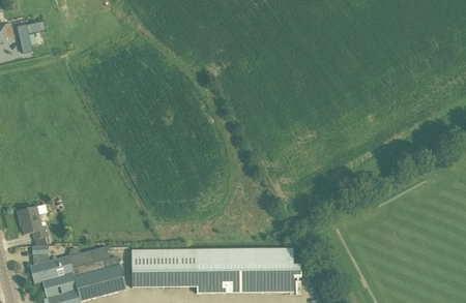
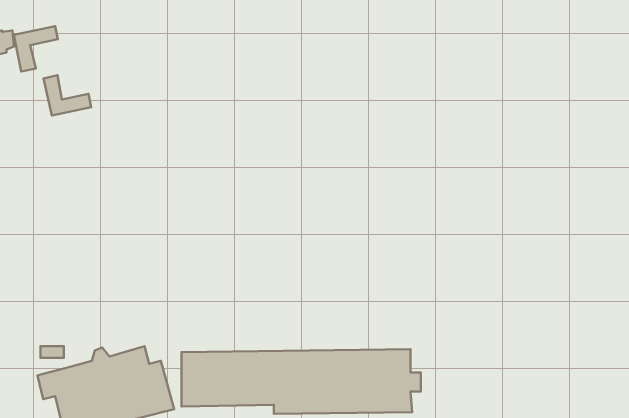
building: none -> [43,75,91,116]
building: [17,206,49,239] -> none

